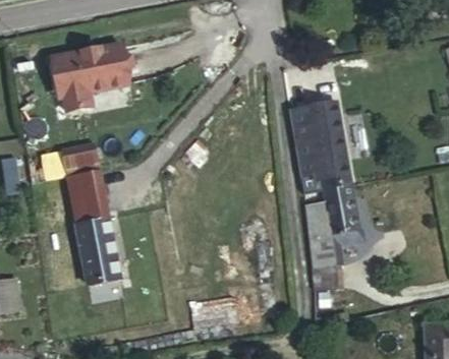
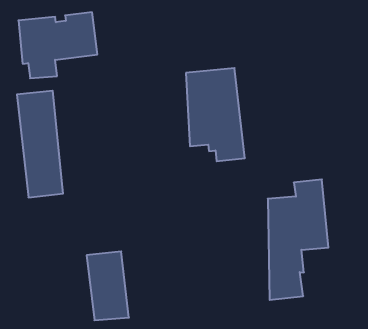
building: [291,100,353,189] -> [186,68,245,161]
building: [76,217,121,284] -> [87,251,129,320]

